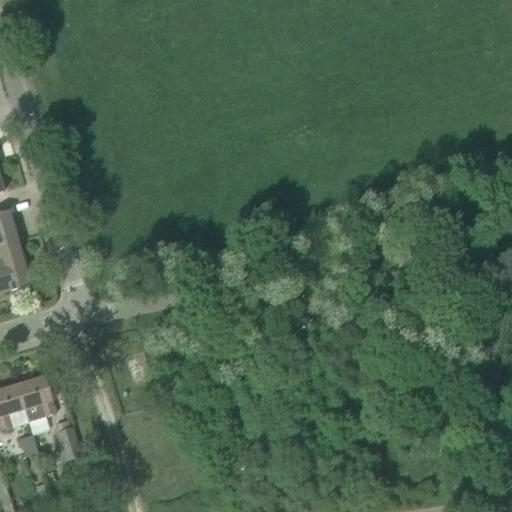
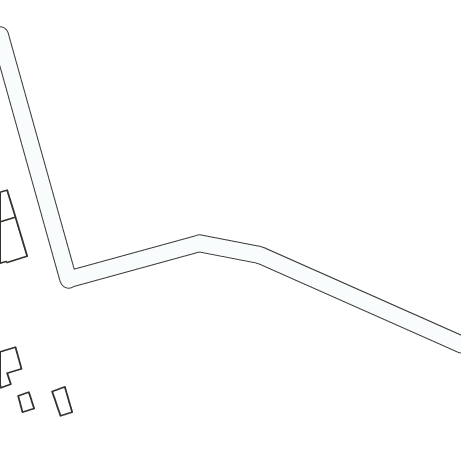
building: [17,376,55,421] -> none

